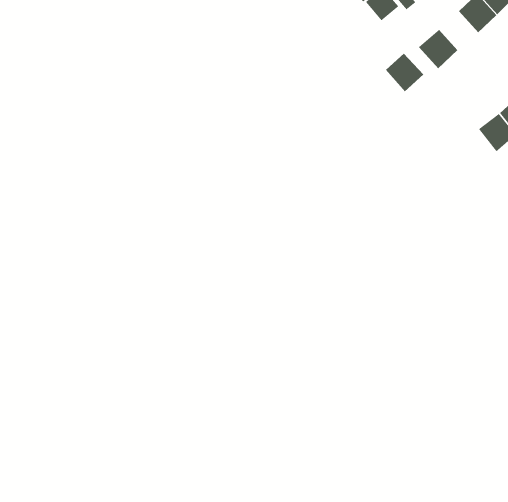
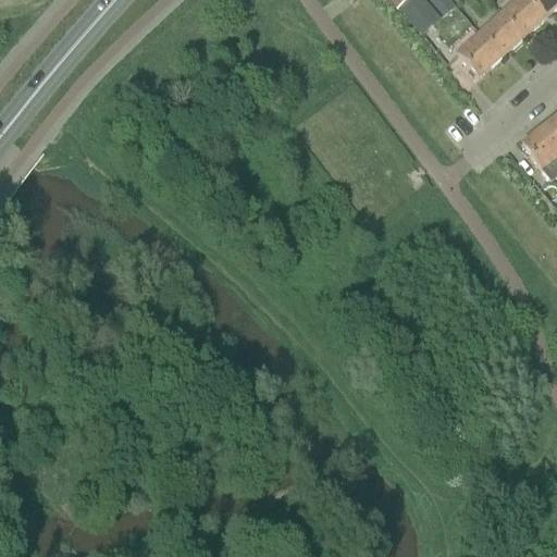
building: none -> [481,12,523,54]
building: [385,53,424,92] -> none

